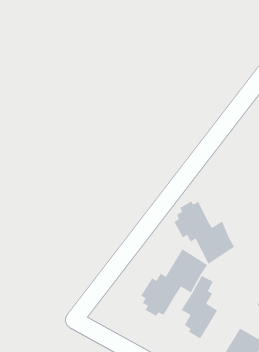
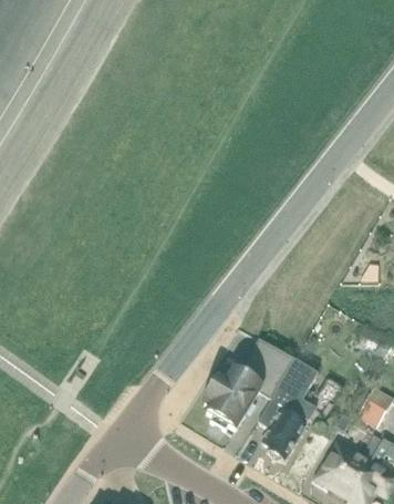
building: [173,200,235,265] -> none

